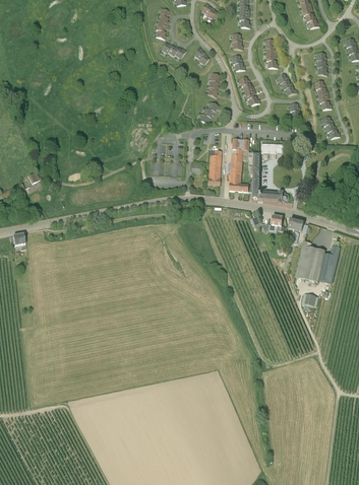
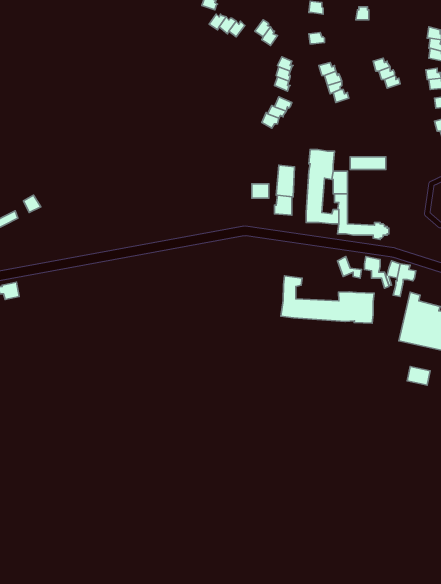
building: none -> [281,276,374,323]

